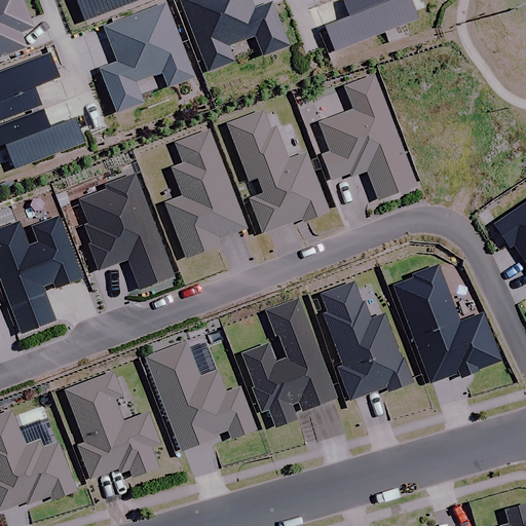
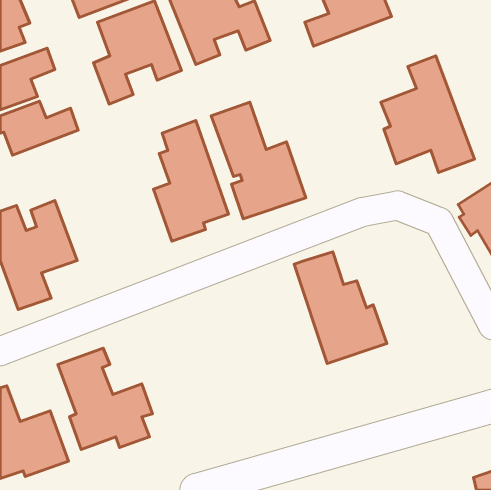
building: [314,74,414,198] -> [381,56,474,173]
building: [75,171,172,289] -> none
building: [392,263,498,384] -> none
building: [243,296,335,427] -> none
building: [144,340,255,450] -> none

